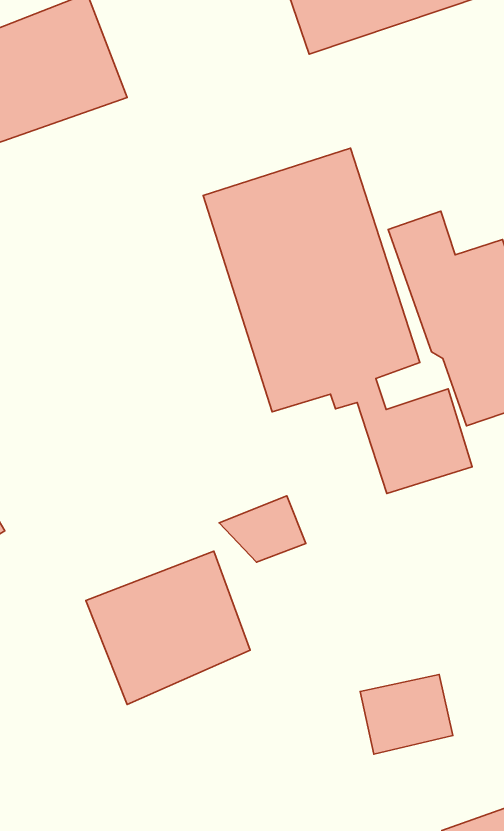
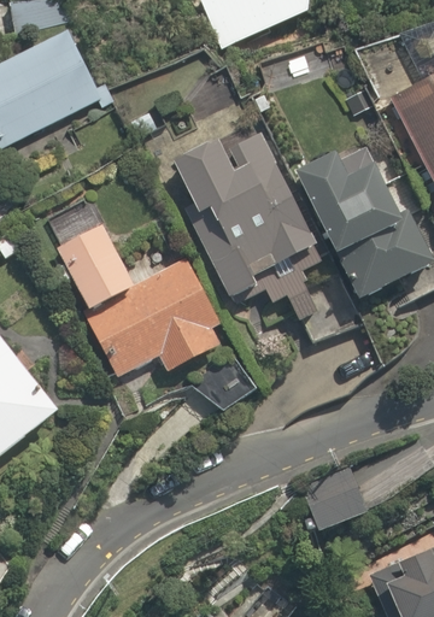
building: none -> [54,221,221,370]
building: [86,551,250,704] -> none

